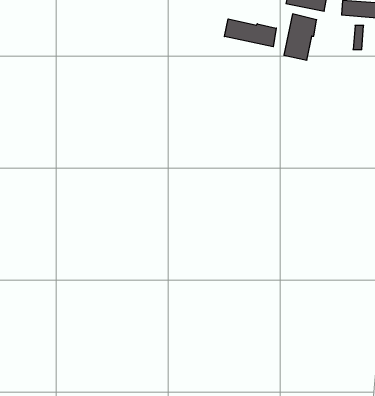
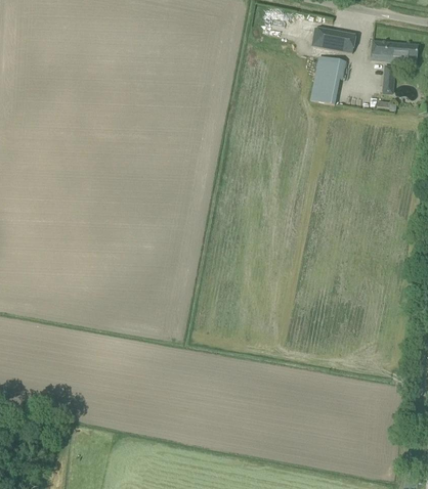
building: [224,19,276,47] -> none

